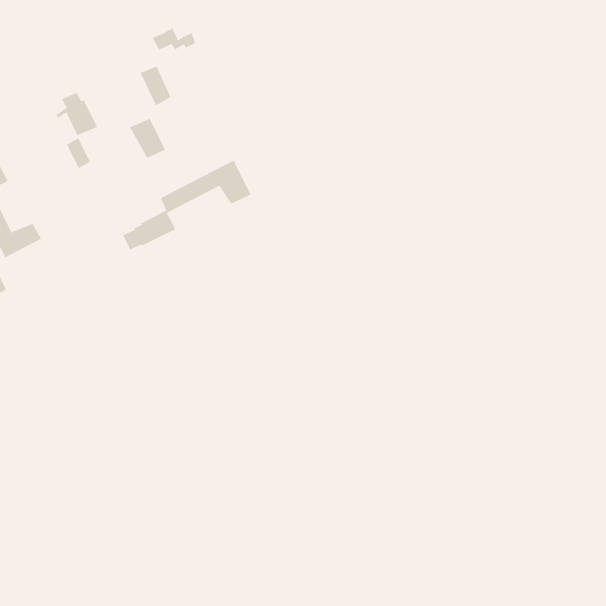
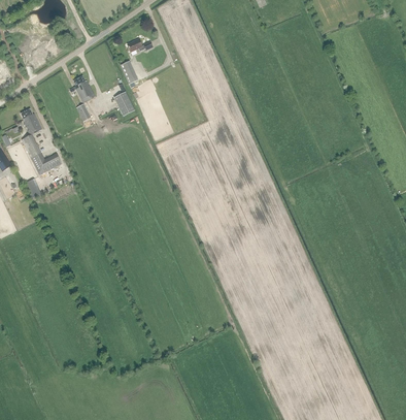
building: [123,160,251,250] -> none

